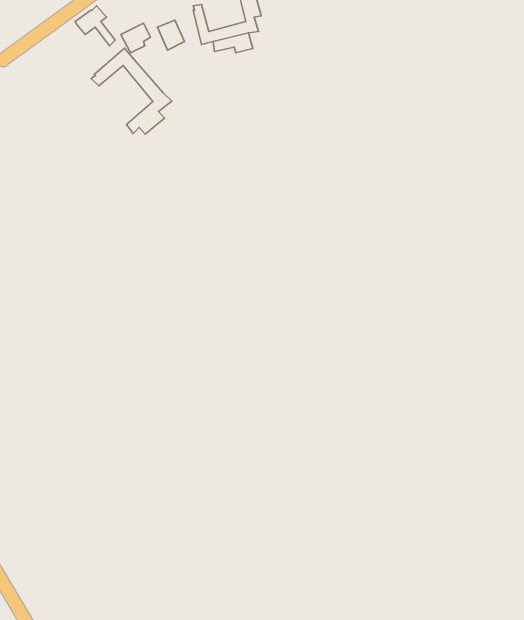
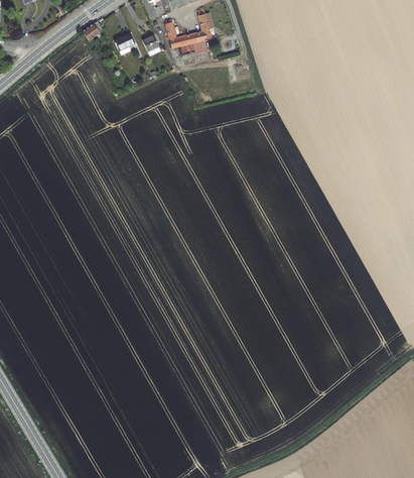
building: [91,48,172,134] -> none

